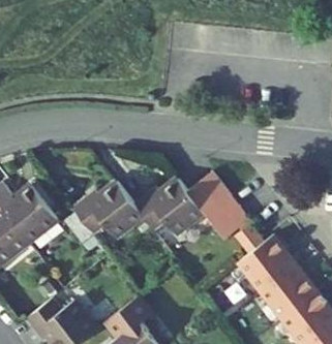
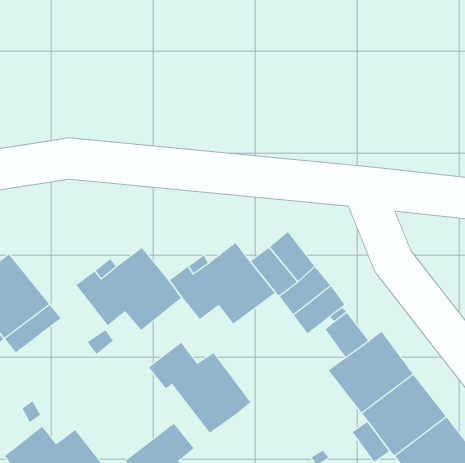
building: none -> [148,342,251,433]

